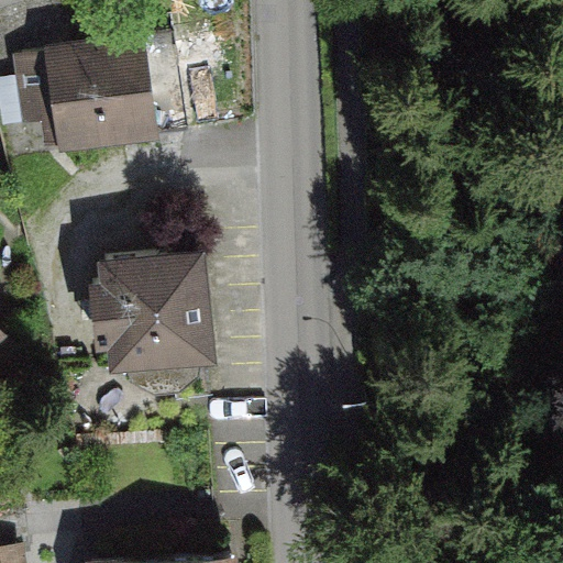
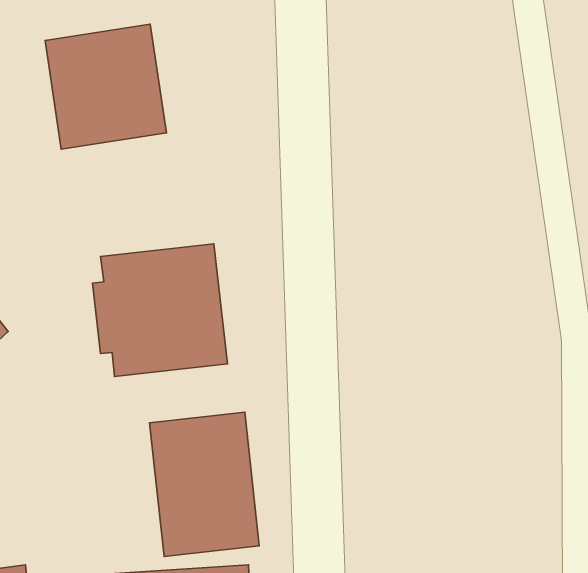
building: none -> [150,412,259,556]

